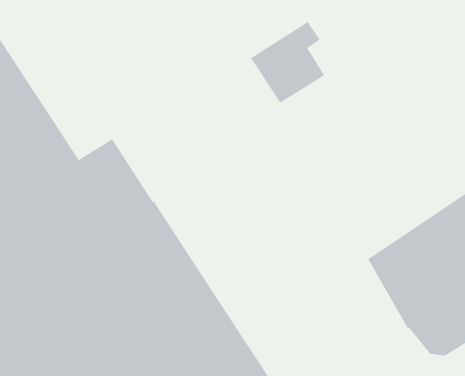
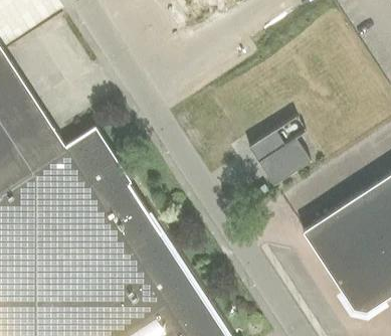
building: [250,21,325,104] -> [250,119,312,186]

